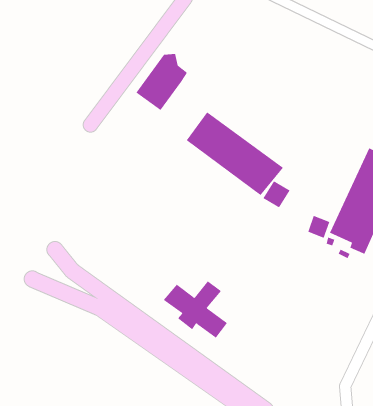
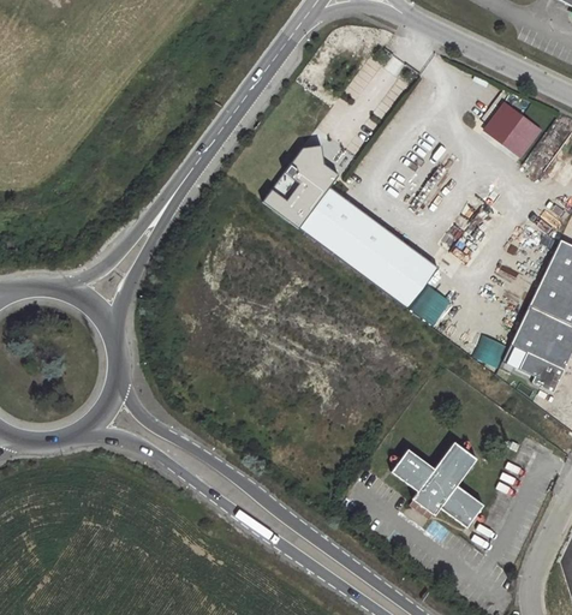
building: none -> [481,98,543,159]
building: [135,54,188,111] -> [263,145,338,227]
building: [163,280,228,338] -> [391,444,483,527]

